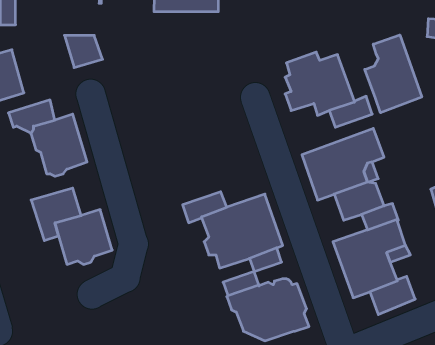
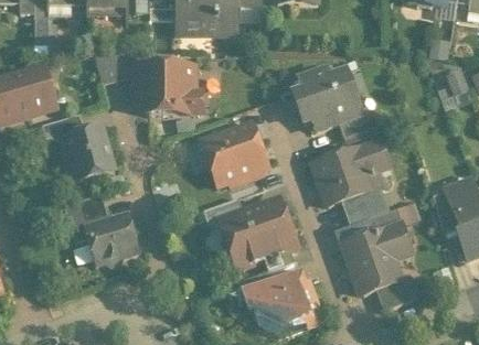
building: [365,35,422,113] -> none
building: none -> [136,66,203,114]
building: none -> [202,122,268,186]

